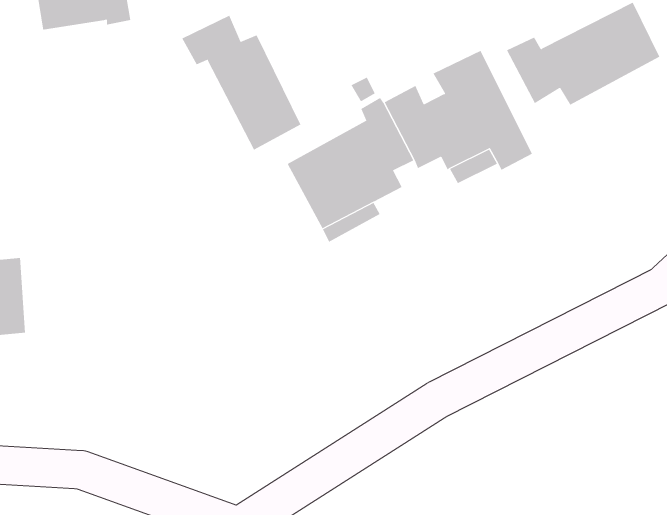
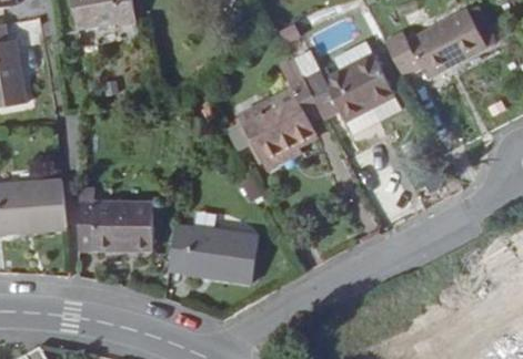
building: [182,15,301,150] -> none
building: none -> [77,189,152,252]
building: none -> [167,224,258,285]

